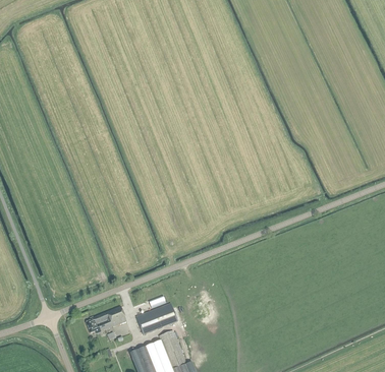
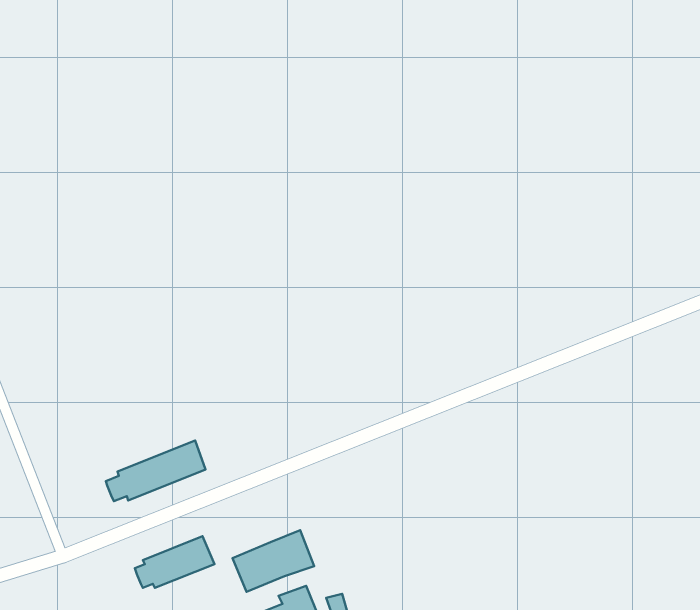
building: none -> [106,441,206,501]

